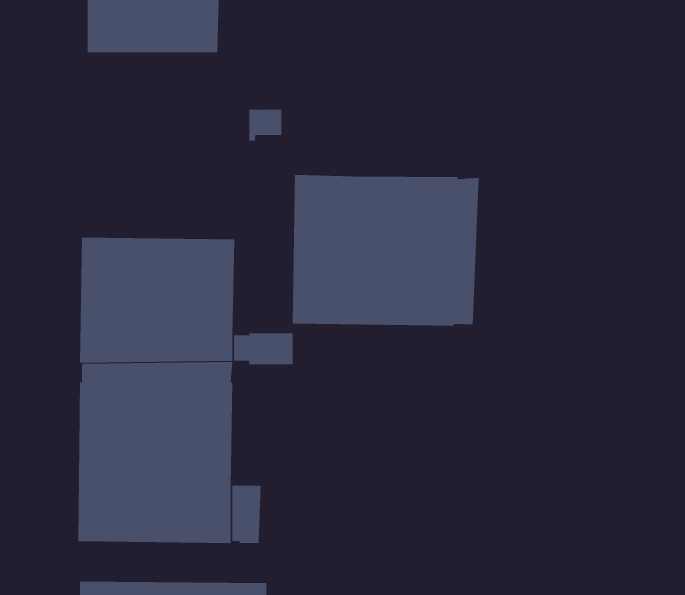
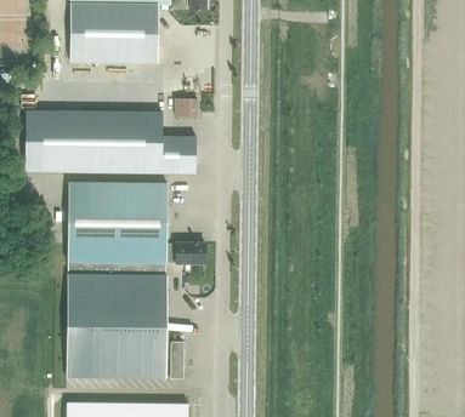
building: none -> [25,109,197,173]
building: [292,174,479,326] -> none

